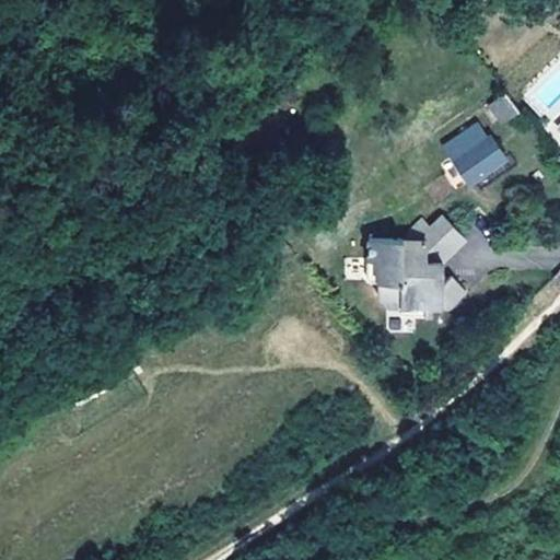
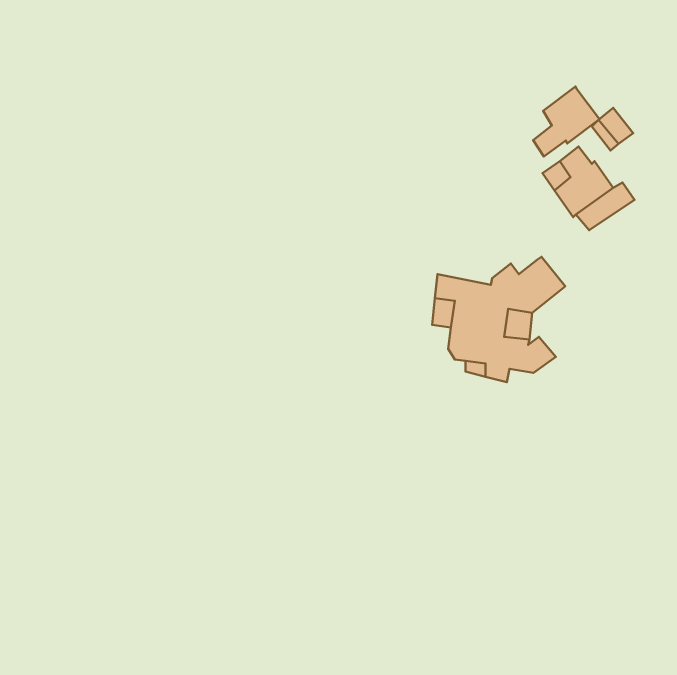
building: none -> [533,86,600,156]

